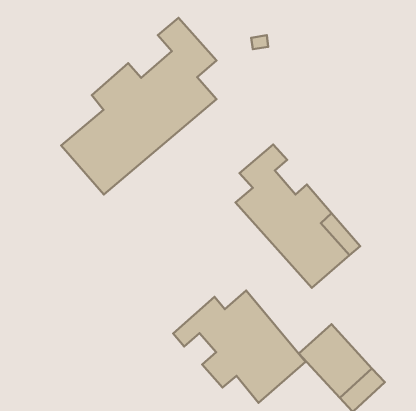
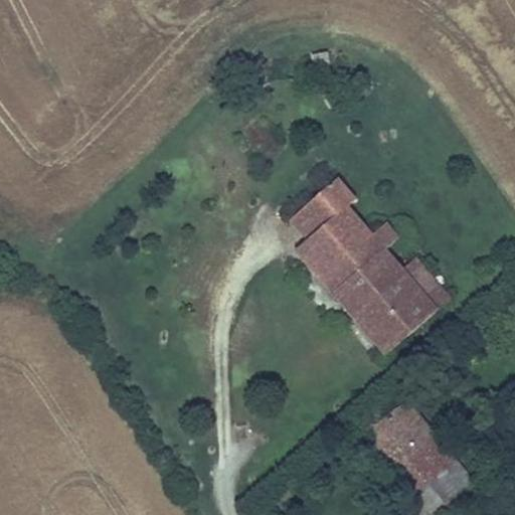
building: [61,18,217,195] -> none
building: [173,291,306,403] -> none

